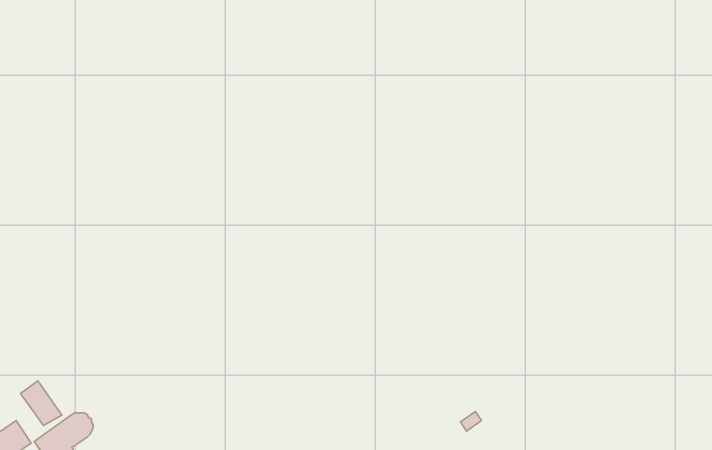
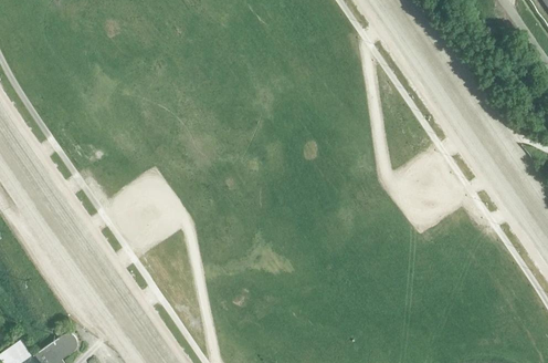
building: [20,381,62,426] -> none

